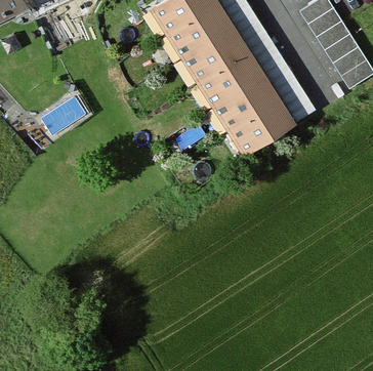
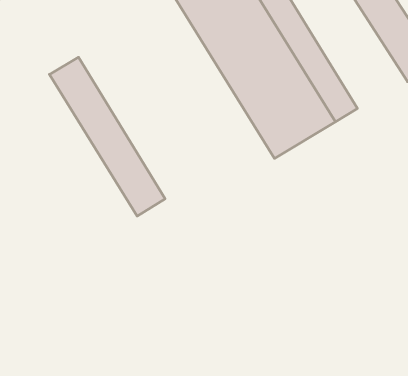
building: none -> [49,57,165,216]

